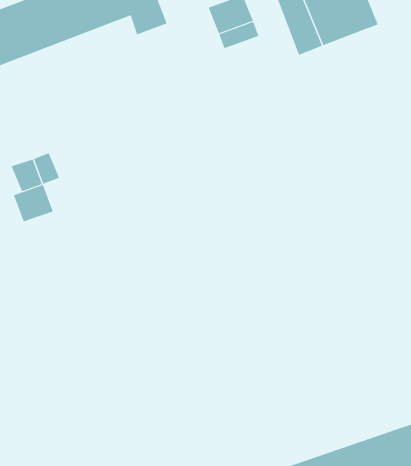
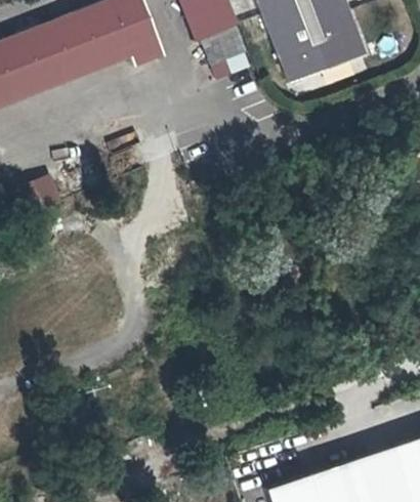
building: [13,184,54,222] -> none

